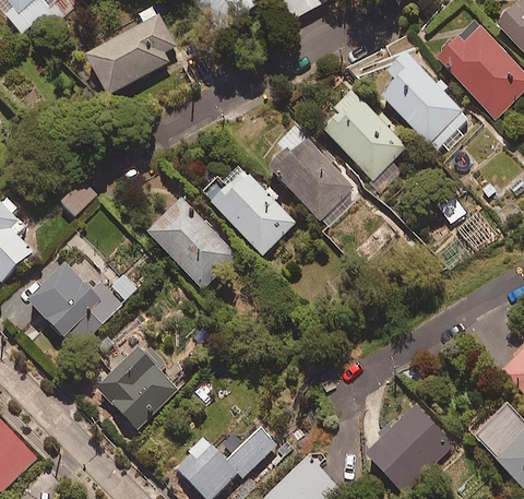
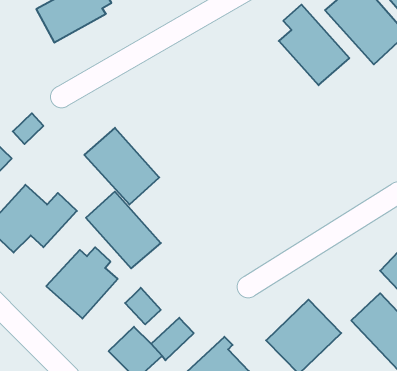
building: [324,90,405,180] -> none
building: [266,133,355,224] -> none
building: [205,162,296,254] -> [86,192,161,268]
building: none -> [125,288,161,324]

